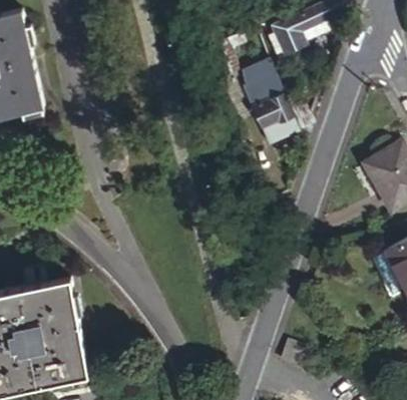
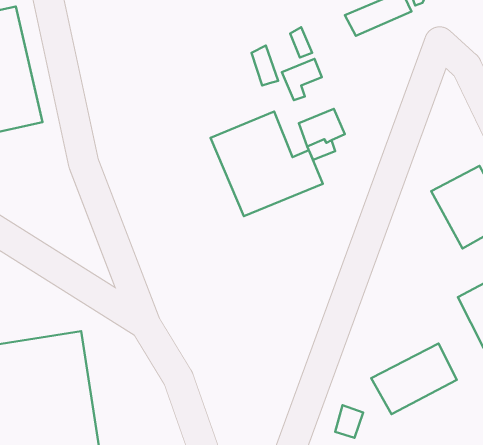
building: [269,19,304,57] -> none
building: none -> [211,112,323,216]
building: none -> [371,343,457,414]

